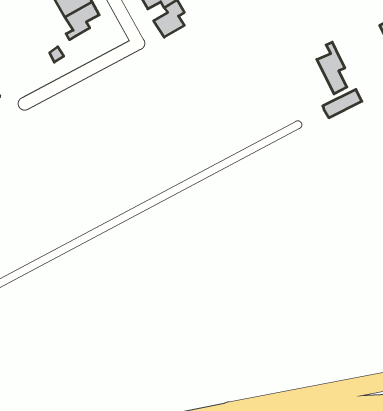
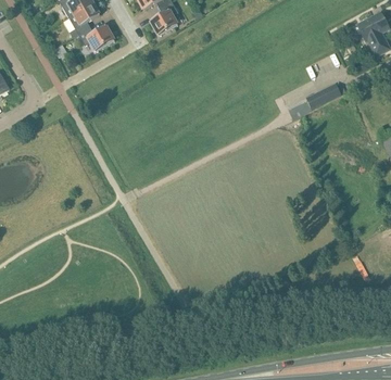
building: none -> [77,24,114,51]
building: [317,42,347,94] -> none

